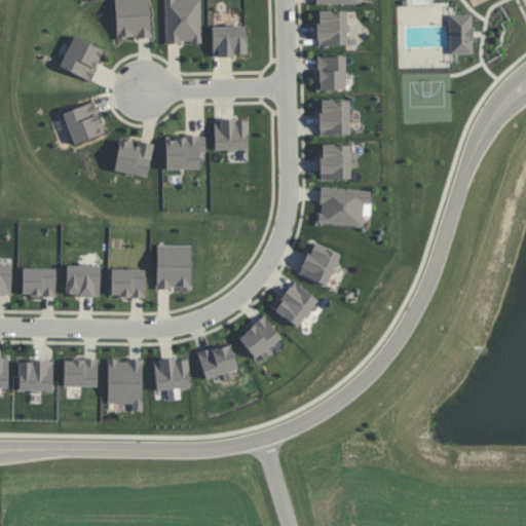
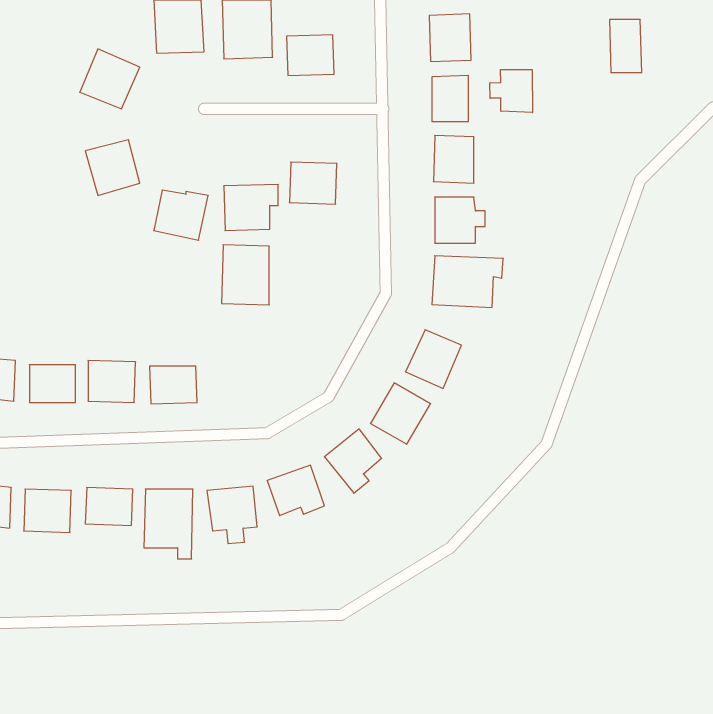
building: none -> [490,70,532,113]
building: [155,245,190,289] -> [222,245,269,305]

